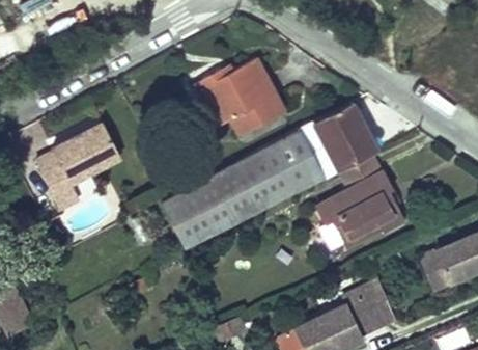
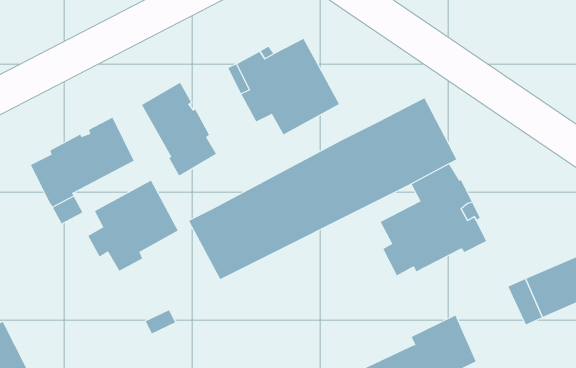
building: none -> [141,82,217,176]
building: none -> [88,180,179,271]

